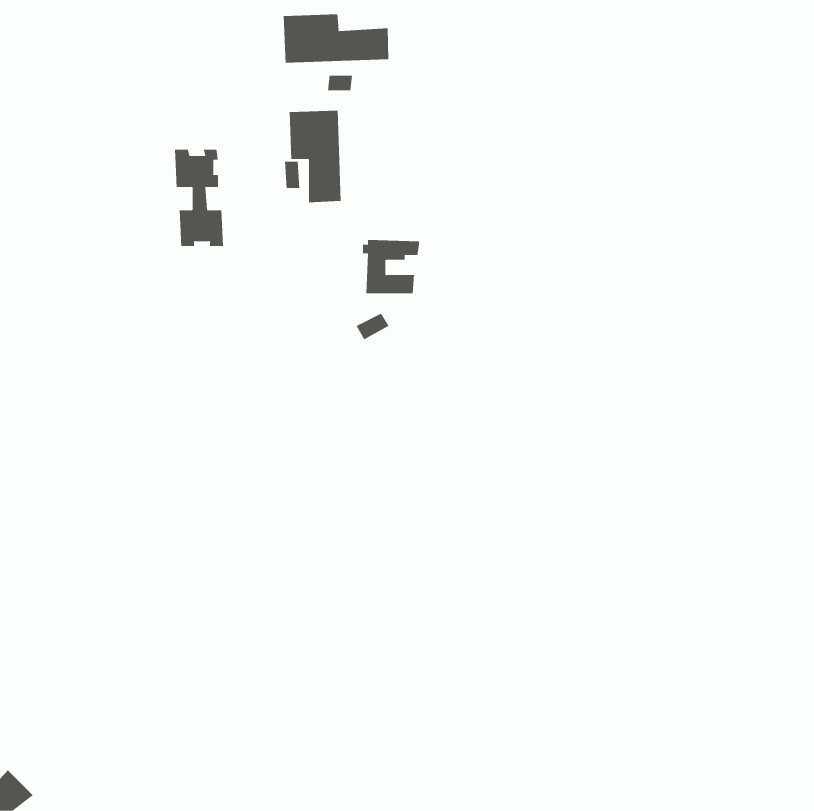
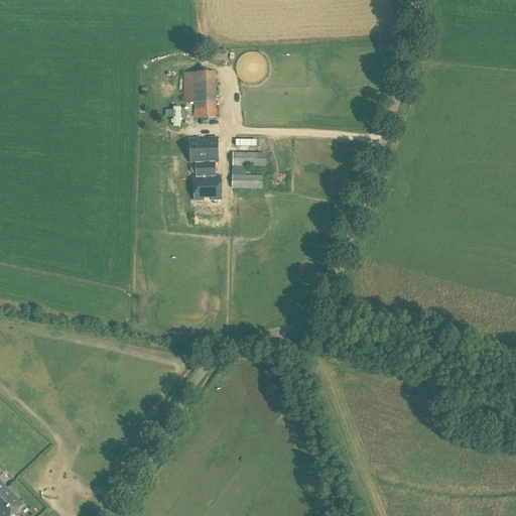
building: [283,14,389,64] -> none
building: [174,149,224,246] -> [189,136,221,198]

